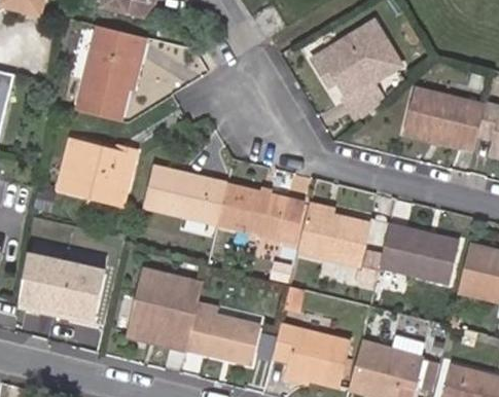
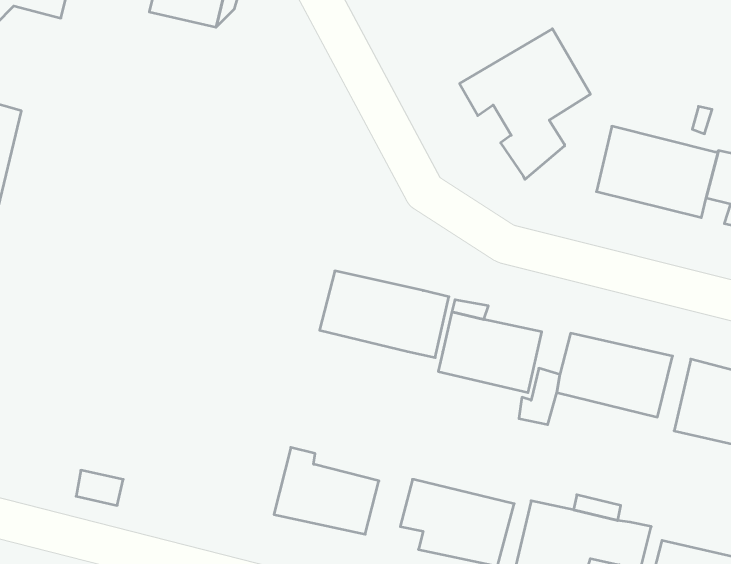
building: [79,30,144,120] -> none
building: [61,141,134,199] -> none
building: [143,167,227,224] -> none
building: [15,253,104,323] -> none
building: [127,268,203,349] -> none

